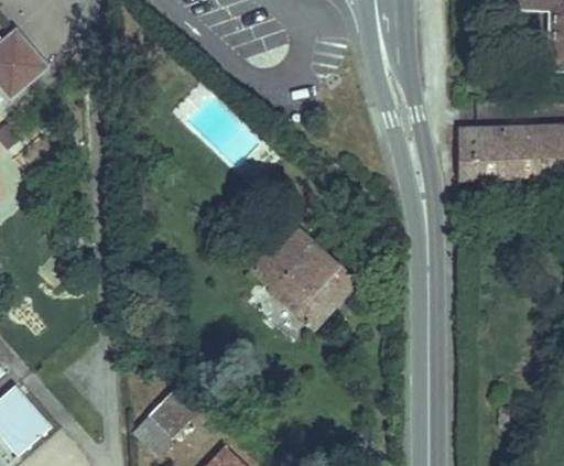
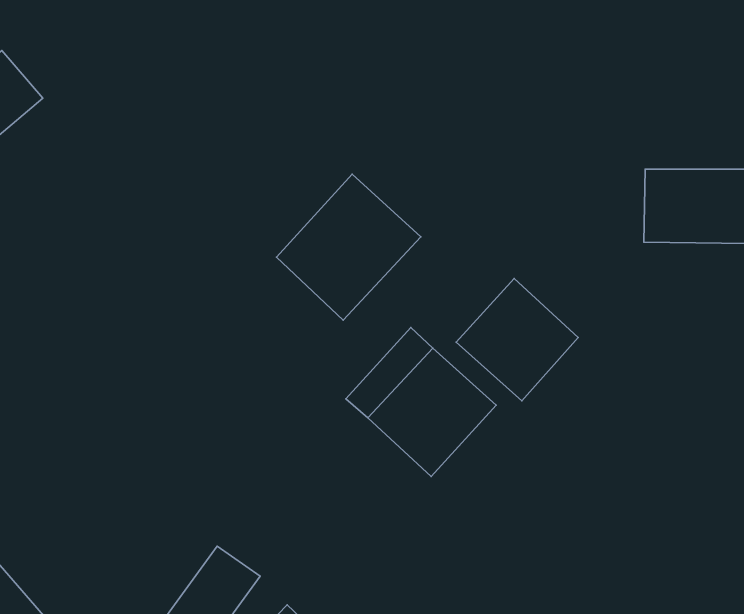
building: none -> [276,174,421,320]
building: none -> [456,278,578,401]

